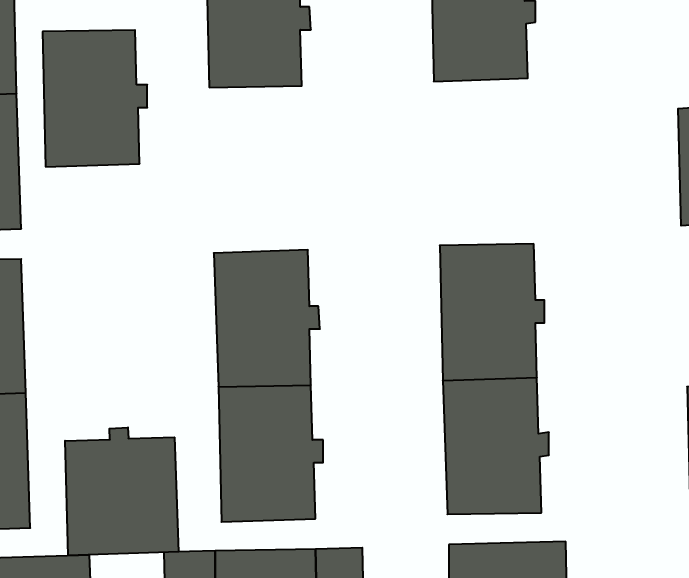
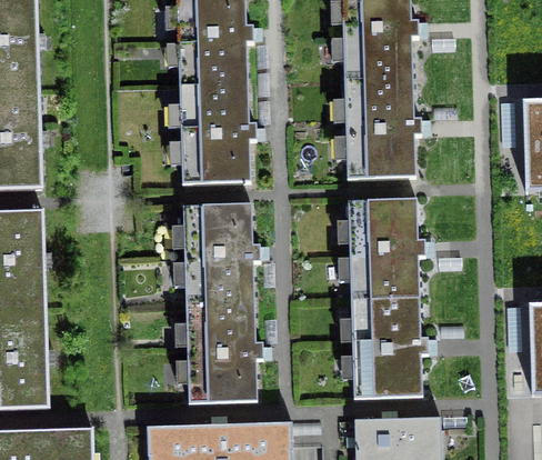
building: [43,30,147,167] -> [179,84,255,184]
building: none -> [343,79,421,179]
building: [65,427,179,555] -> none

